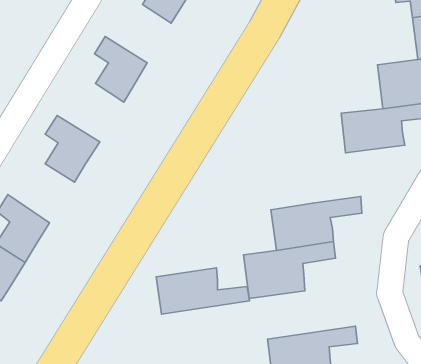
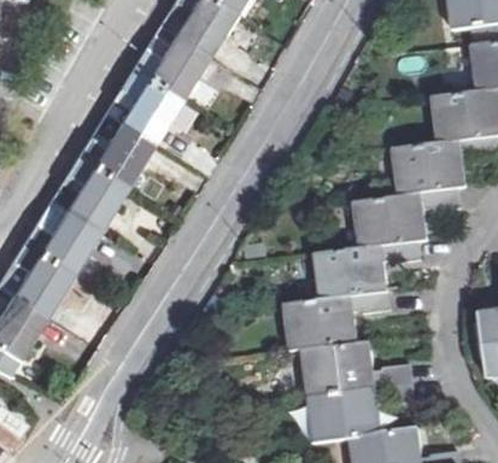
building: none -> [134,31,206,95]
building: none -> [81,118,154,182]
building: none -> [357,192,452,250]
building: none -> [27,206,100,271]
building: [156,268,249,314] -> [306,348,409,399]

